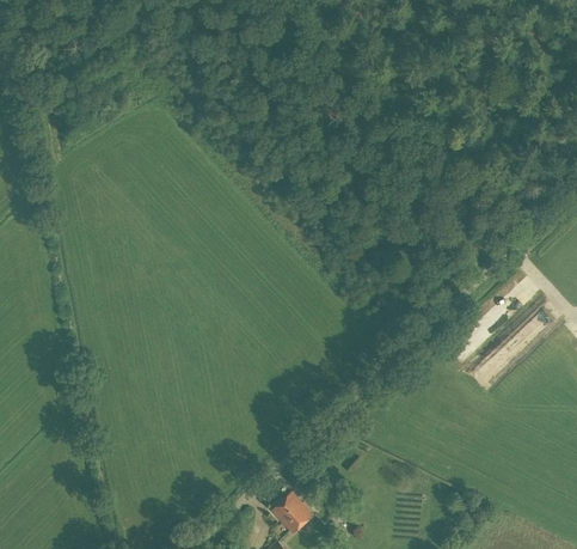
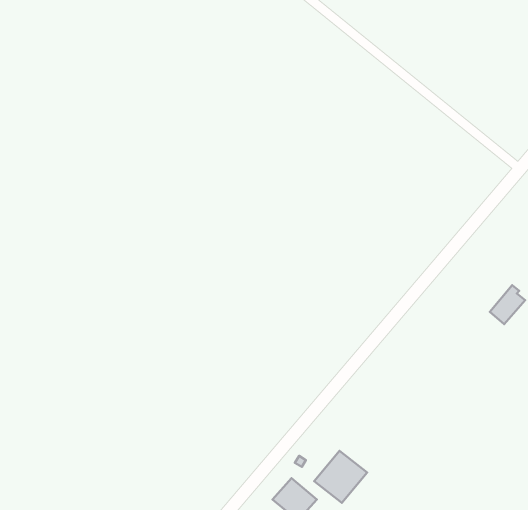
building: none -> [314,451,367,503]

